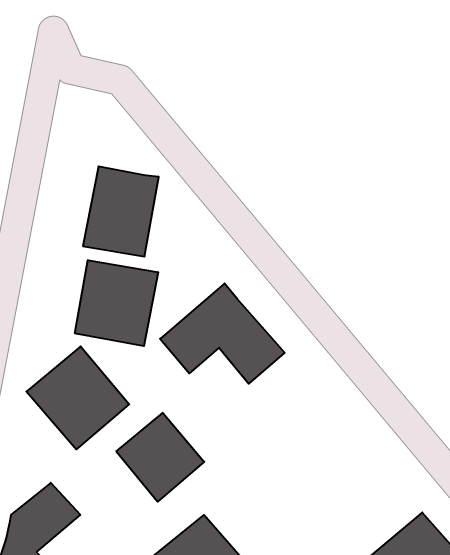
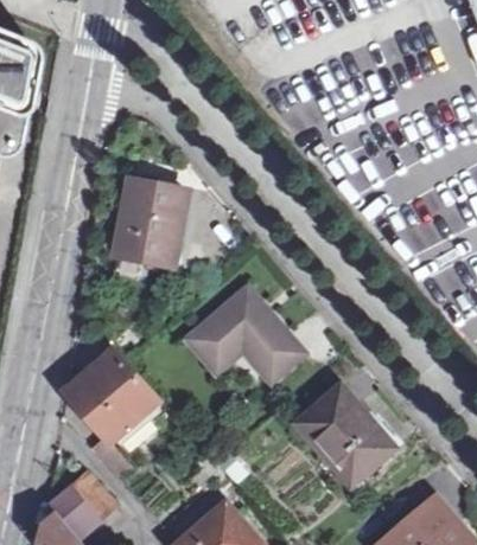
building: [75,260,158,346] -> none
building: none -> [299,387,393,480]
building: [116,413,204,502] -> none

